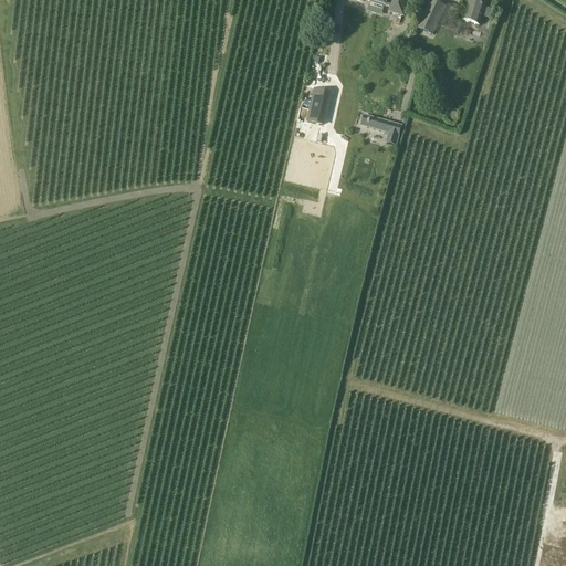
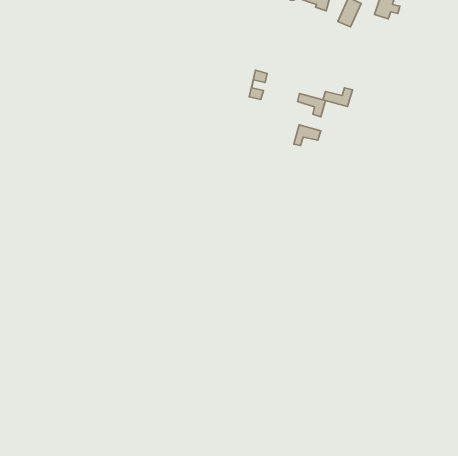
building: none -> [323,88,352,107]
building: none -> [294,125,321,146]

